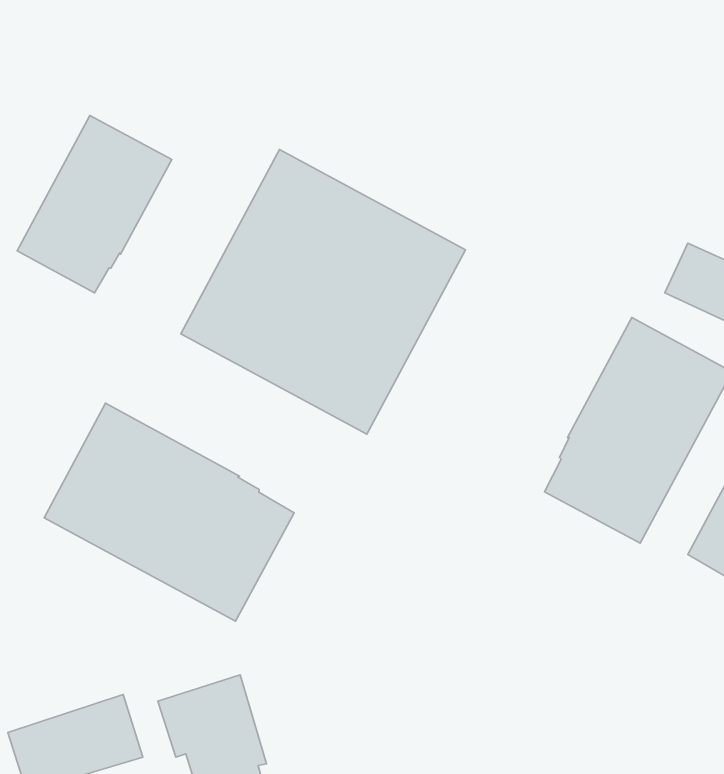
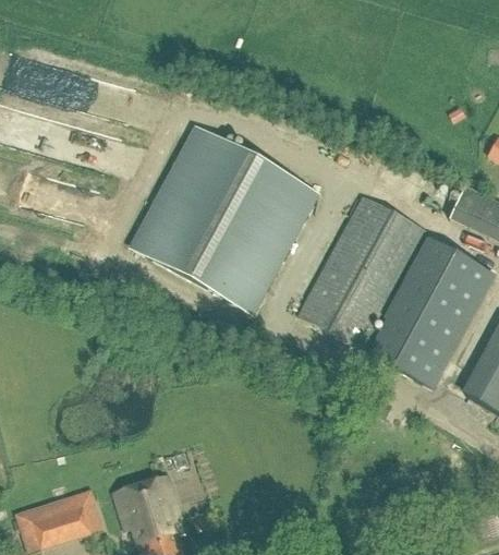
building: [17,116,172,293] -> none
building: none -> [299,194,428,353]
building: [44,403,294,621] -> none

